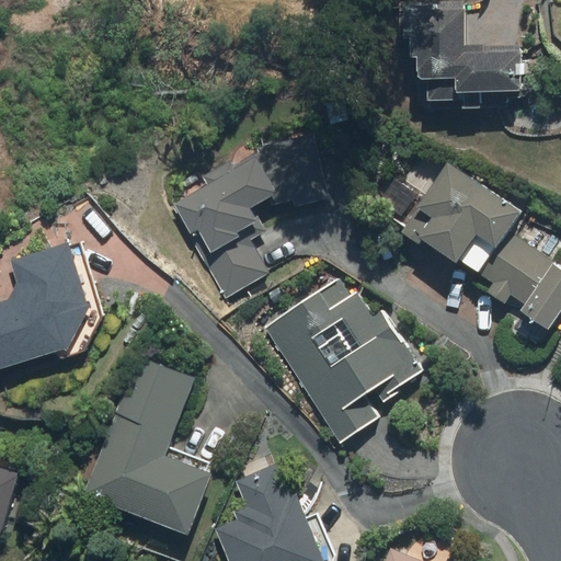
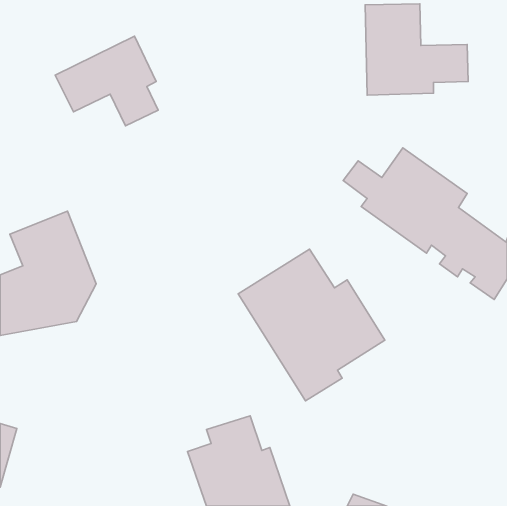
building: none -> [55,36,158,126]
building: [173,136,324,298] -> none
building: [80,354,213,536] -> none

